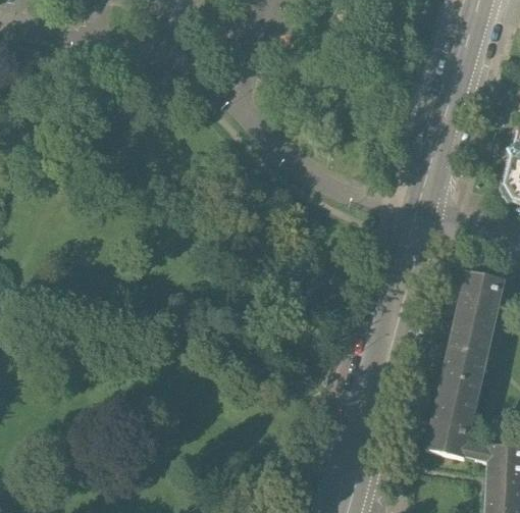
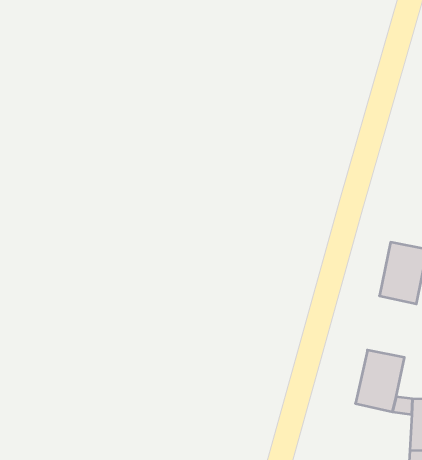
building: [438,328,492,397] -> none

